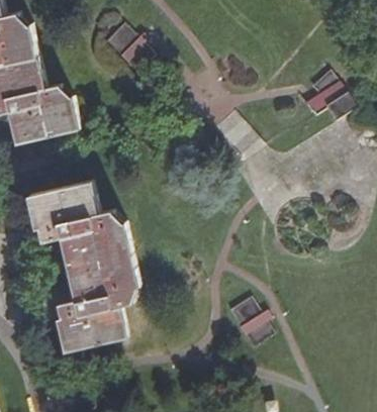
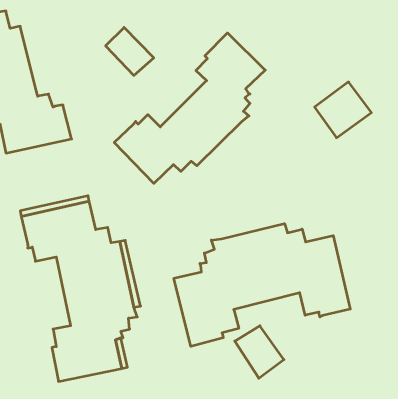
building: none -> [114,33,265,183]
building: none -> [174,224,350,346]

